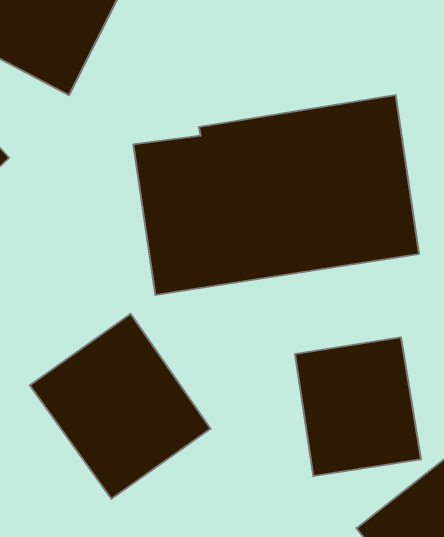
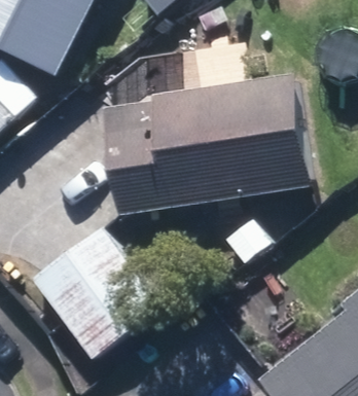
building: [295,337,421,476] -> none

